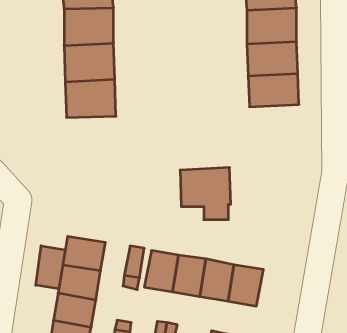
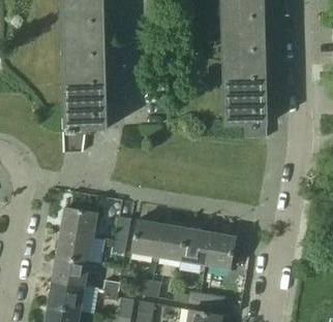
building: none -> [63,102,108,152]
building: [180,168,231,220] -> [223,92,268,137]
building: [36,246,65,289] -> none

